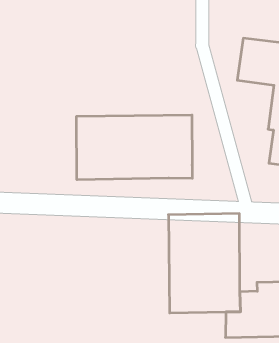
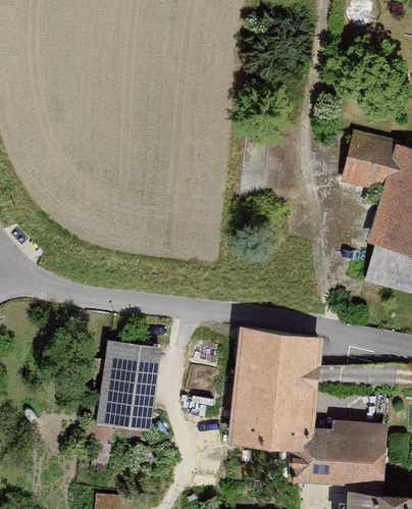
building: [77,115,192,180] -> none
building: none -> [97,344,157,429]

